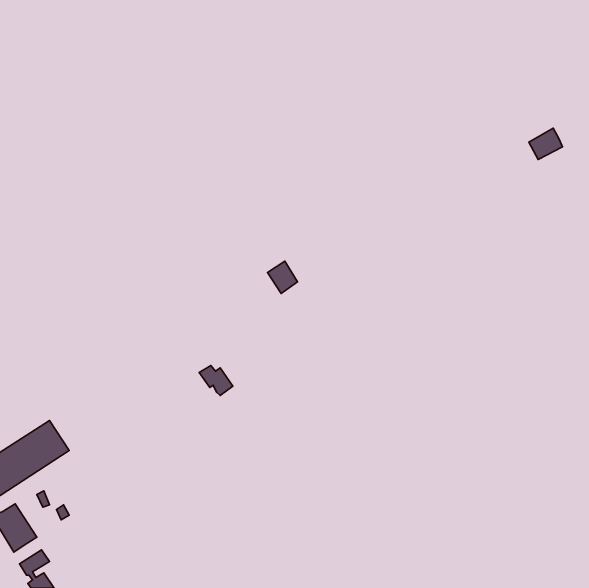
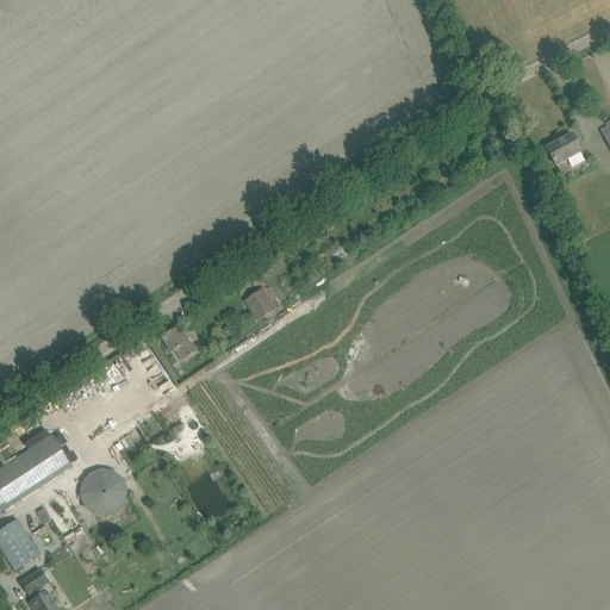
building: [267,261,297,293] -> [244,287,275,320]
building: [199,365,233,395] -> [161,329,195,360]
building: none -> [79,467,122,509]

